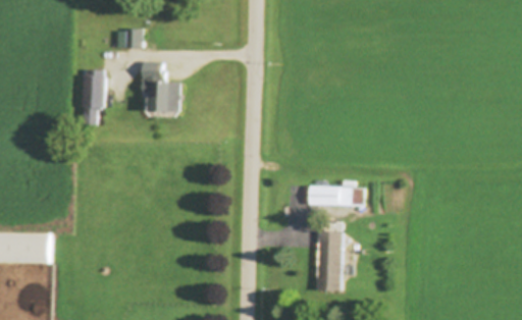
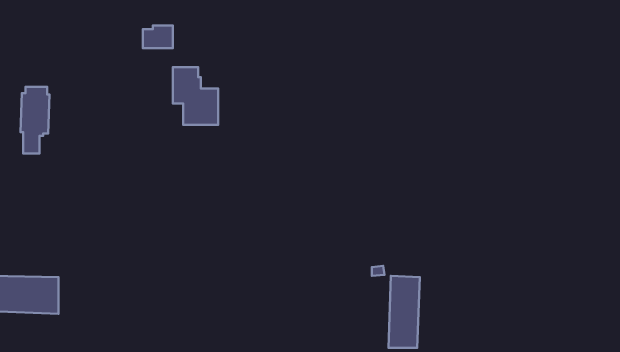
building: [82,71,105,125] -> [21,87,50,153]
building: [308,186,362,207] -> none

